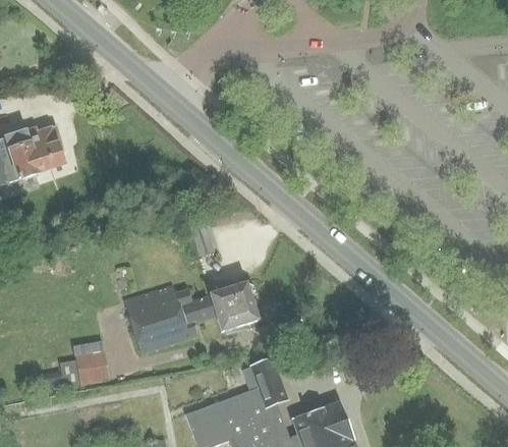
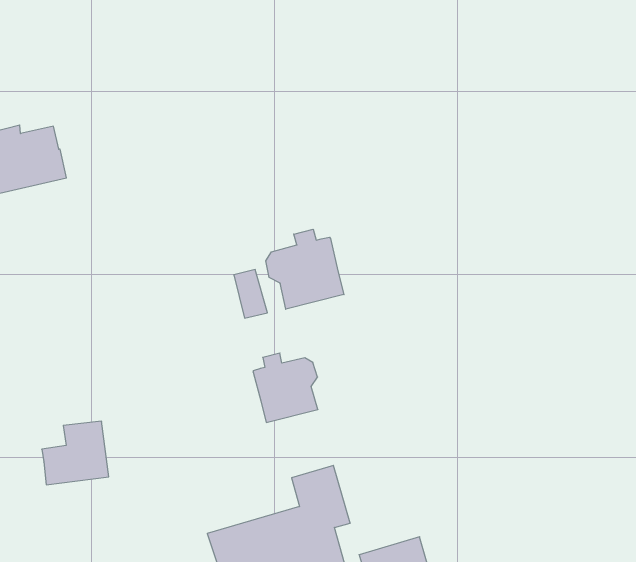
building: none -> [266,229,344,309]
building: [124,285,217,354] -> none

